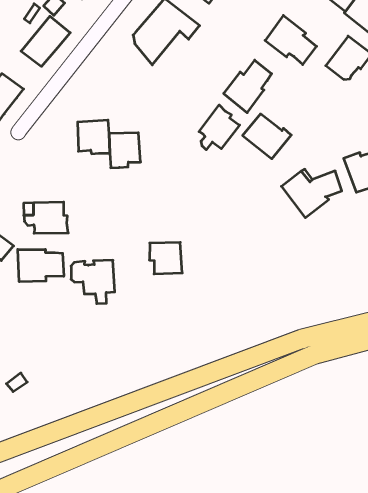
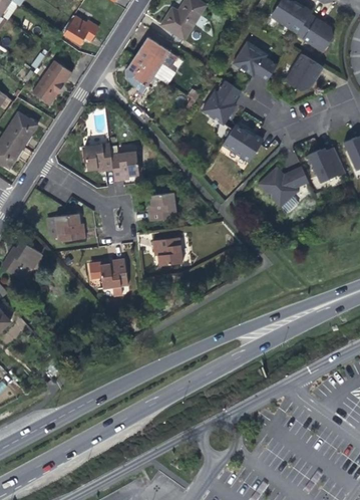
building: [199,105,240,150] -> none
building: none -> [146,193,177,221]
building: [18,249,64,282] -> none

